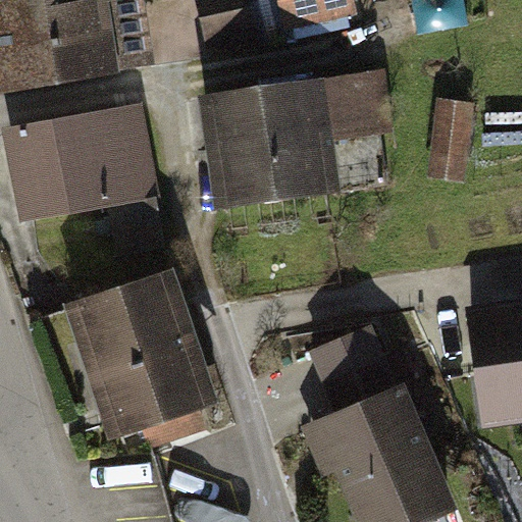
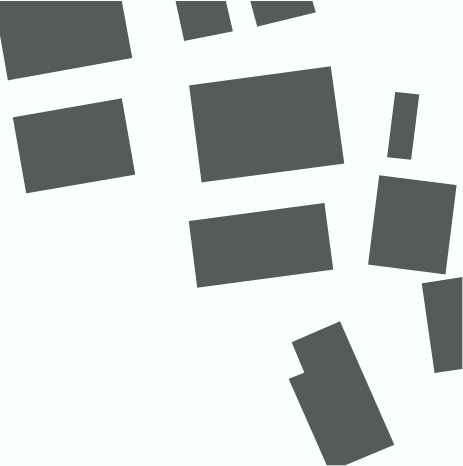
building: none -> [367,175,457,275]
building: none -> [188,202,334,289]
building: [79,278,201,430] -> none

